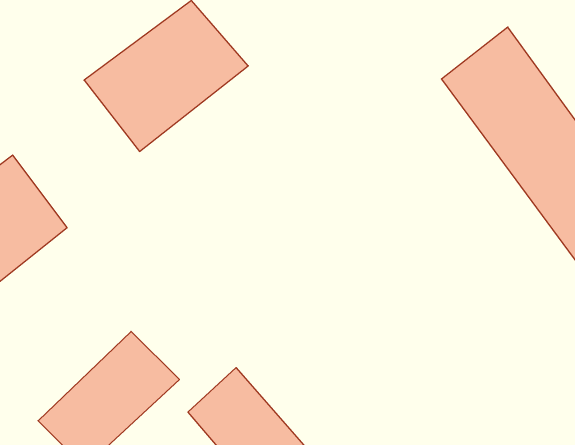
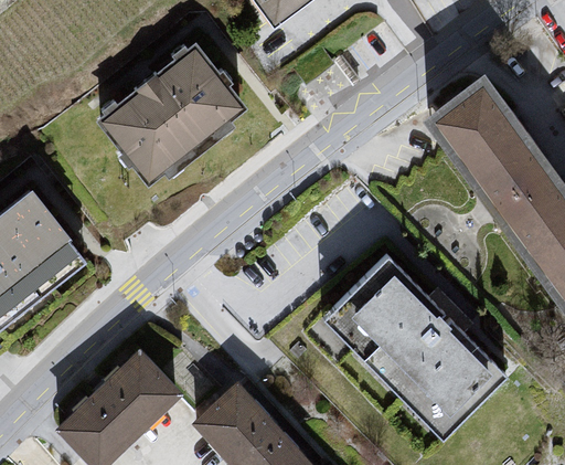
building: none -> [322,258,519,441]

